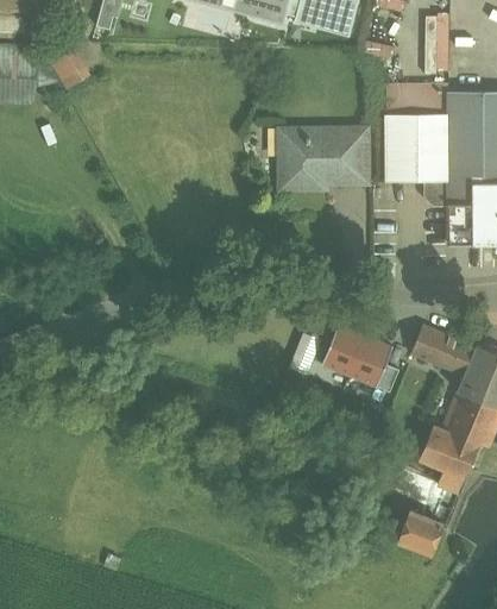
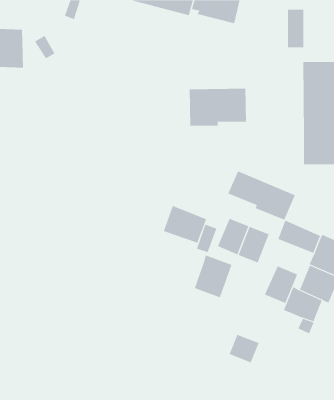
building: [386,83,448,201] -> none
building: none -> [228,170,296,220]
building: none -> [163,205,207,243]
building: none -> [194,254,232,298]
building: none -> [264,265,298,304]
building: [397,513,442,555] -> [229,334,259,363]

